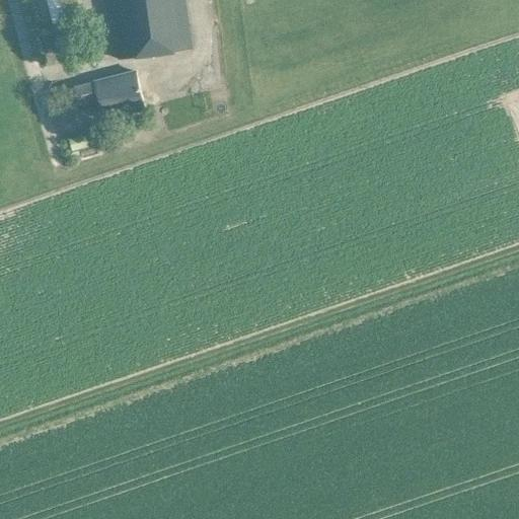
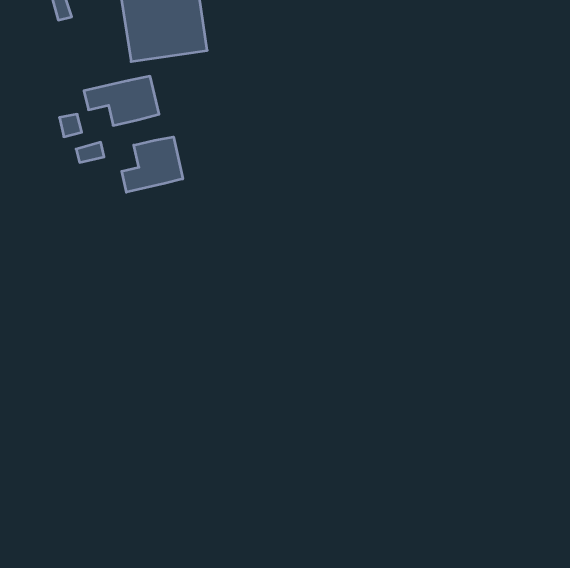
building: none -> [122,137,183,192]

